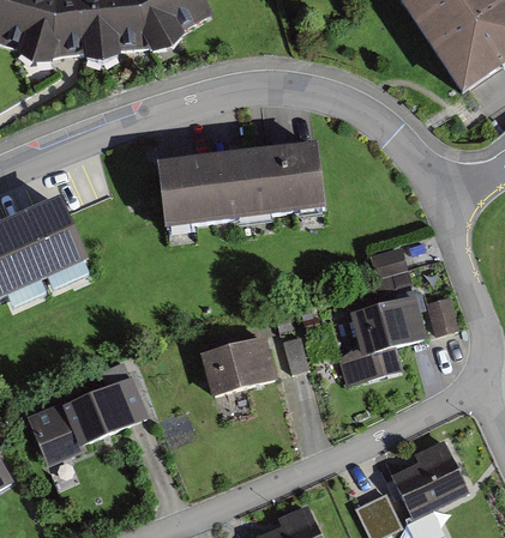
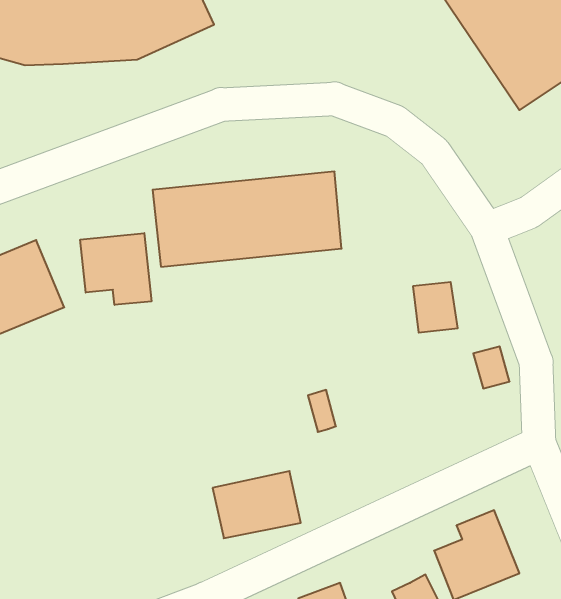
building: none -> [80,233,151,305]
building: [338,296,422,380] -> none
building: [198,337,273,394] -> [213,471,301,538]
building: [32,376,144,466] -> none

